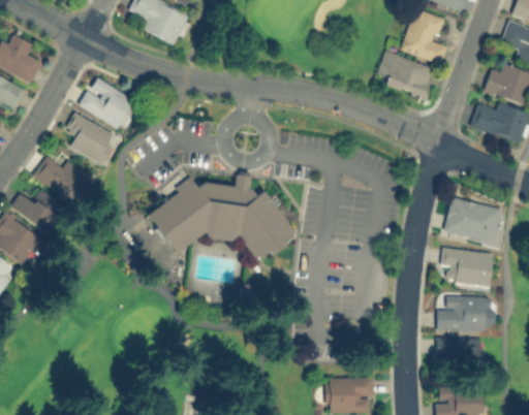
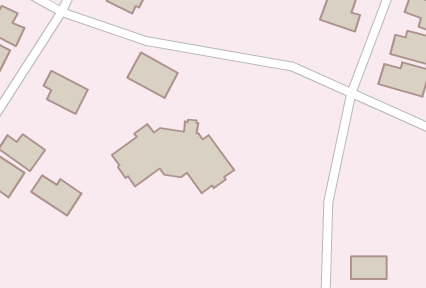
building: [377,50,436,99] -> none
building: [77,75,138,130] -> [127,53,178,98]
building: [33,156,94,204] -> [31,175,82,216]
building: [443,197,501,242] -> none
building: [440,247,494,287] -> none
building: [436,295,495,330] -> none

